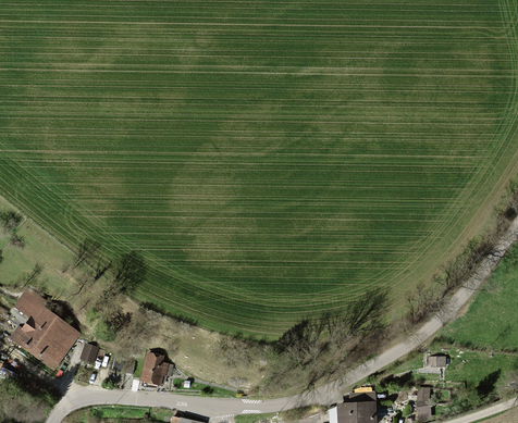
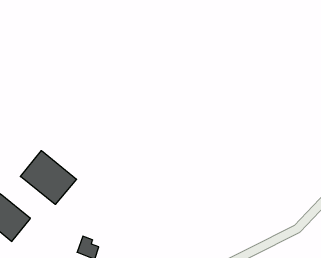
building: none -> [20,151,77,204]

